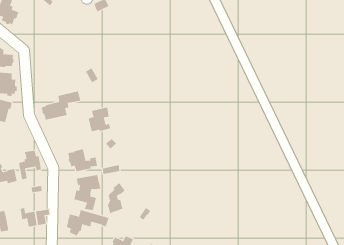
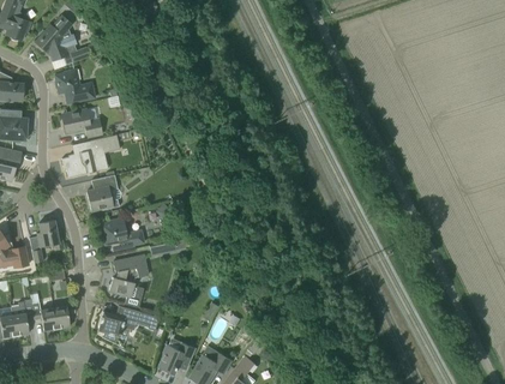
building: none -> [36,14,89,65]
building: none -> [54,68,94,103]
building: none -> [61,109,101,137]
building: [88,107,111,132] -> [85,174,119,210]
building: [107,182,125,214] -> none
building: none -> [10,301,34,335]

